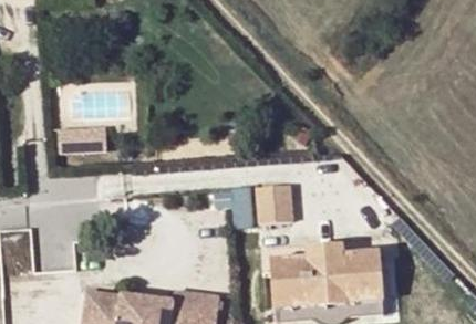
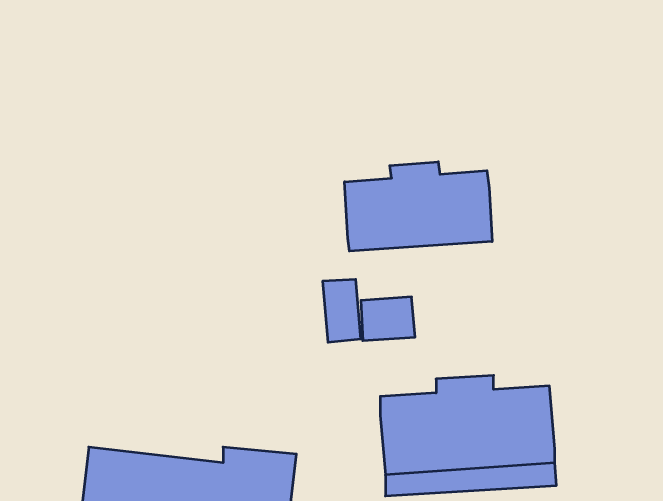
building: none -> [345,162,492,251]
building: [63,122,107,150] -> none

